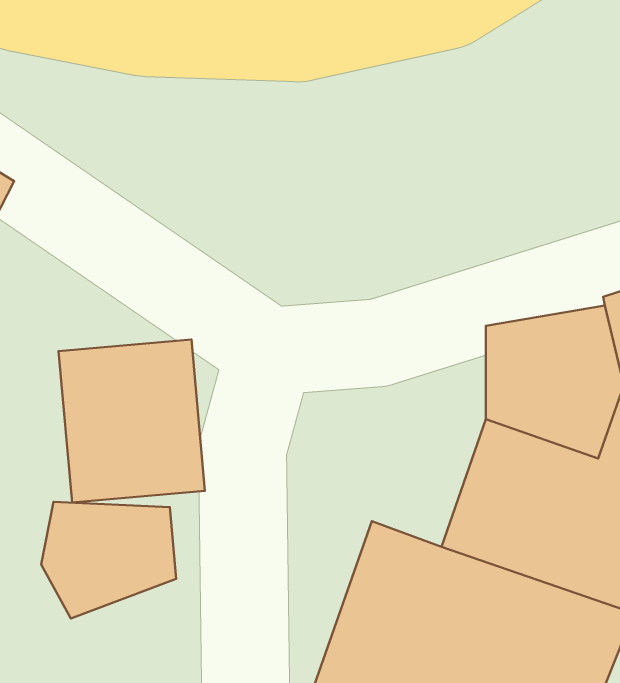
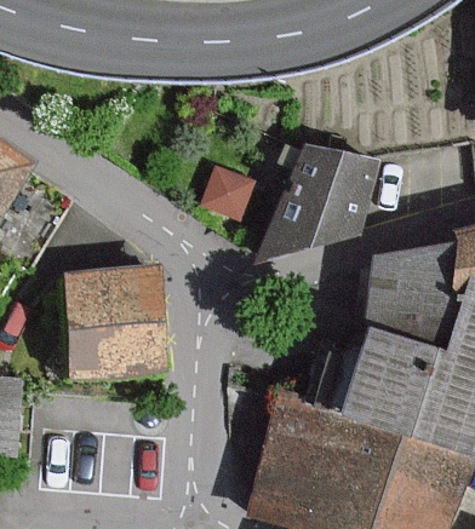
building: none -> [256,142,376,254]
building: [41,502,176,619] -> none

